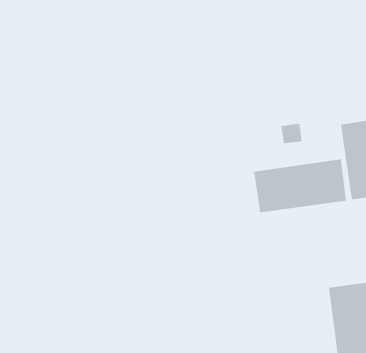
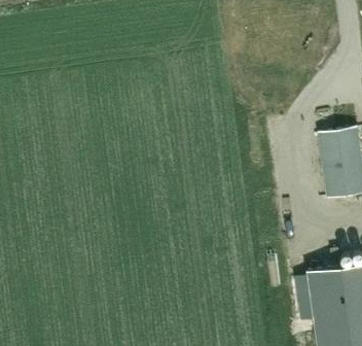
building: [254,159,346,213] -> none

